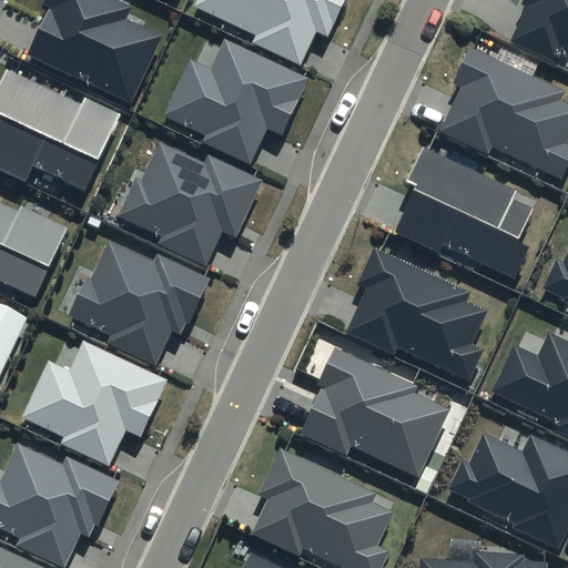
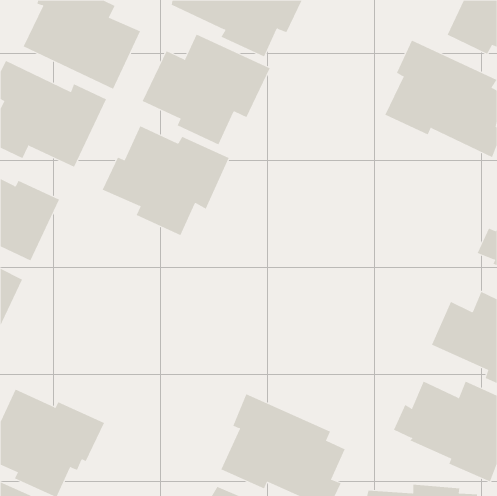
building: [393,145,534,277] -> none
building: [68,241,211,365] -> none
building: [345,248,487,381] -> none
building: [22,341,168,467] -> none
building: [300,348,449,477] -> none

